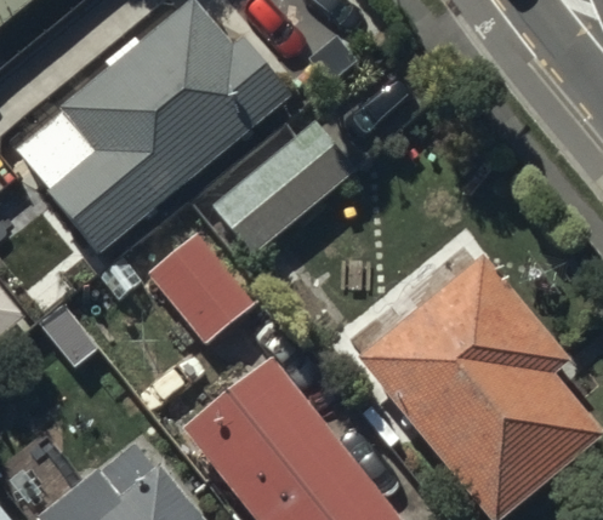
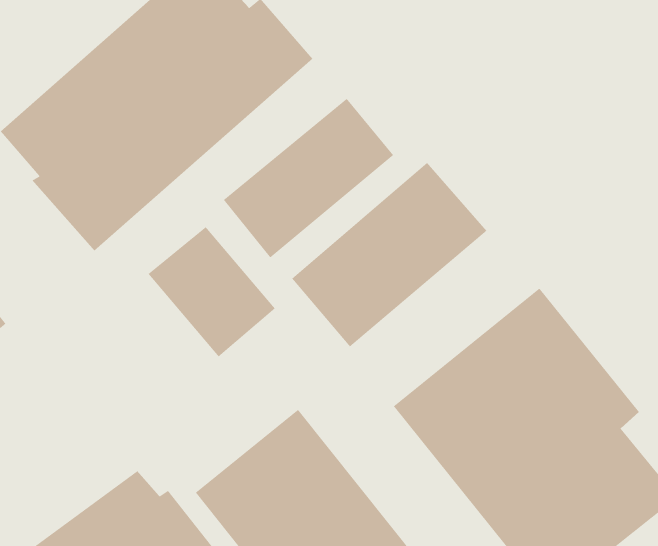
building: none -> [291,162,487,348]

